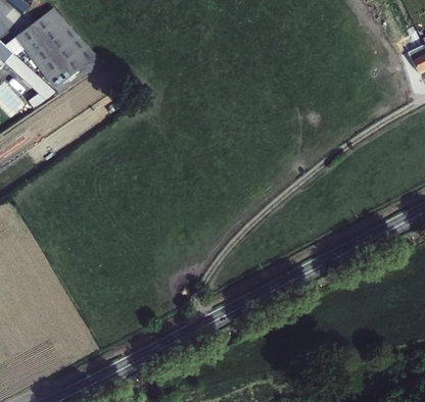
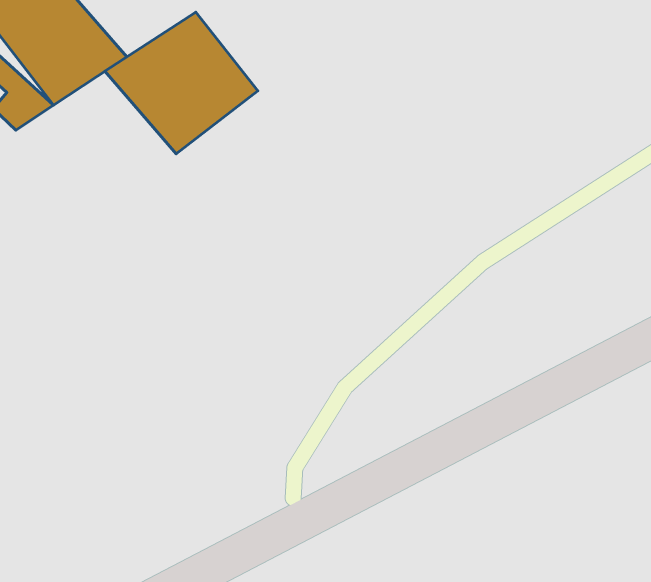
building: none -> [105,12,258,154]

